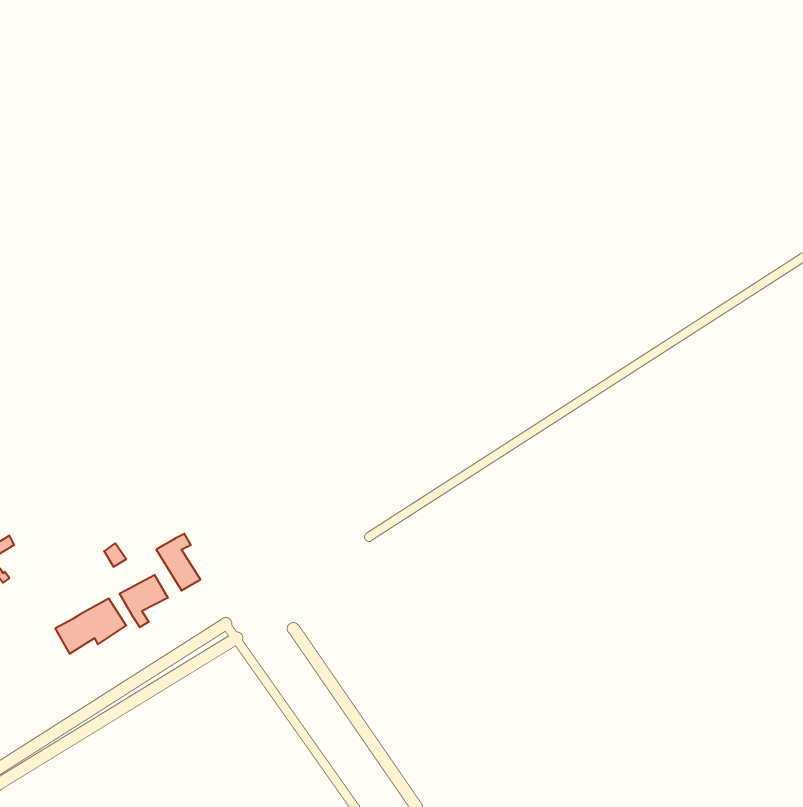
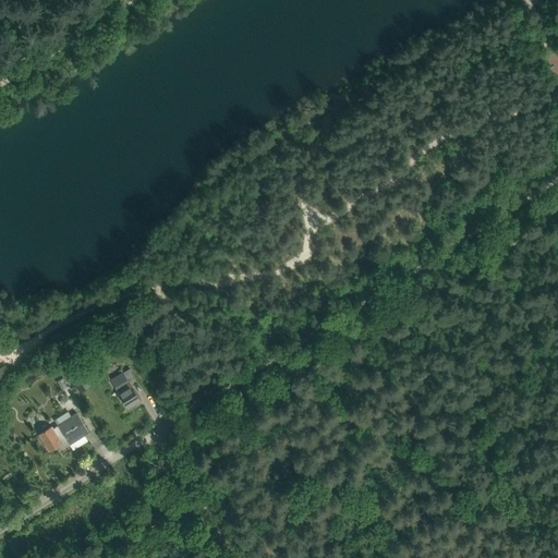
building: [120,575,168,627] -> none

